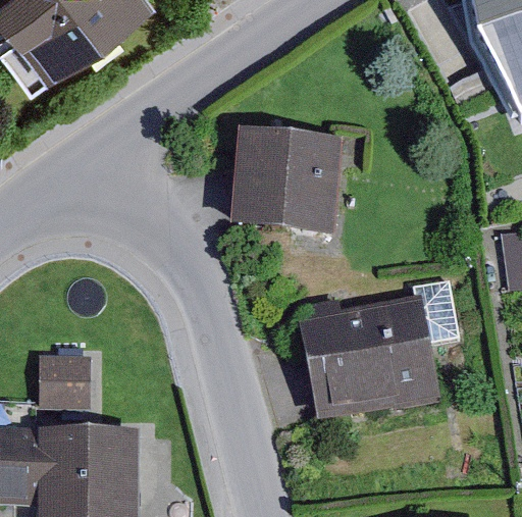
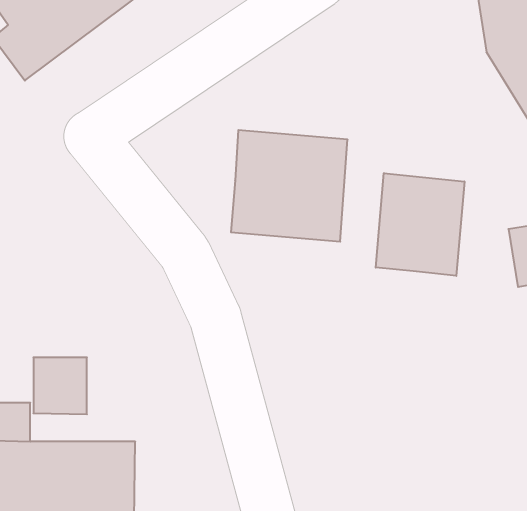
building: none -> [376,173,464,276]
building: [298,278,461,423] -> none

